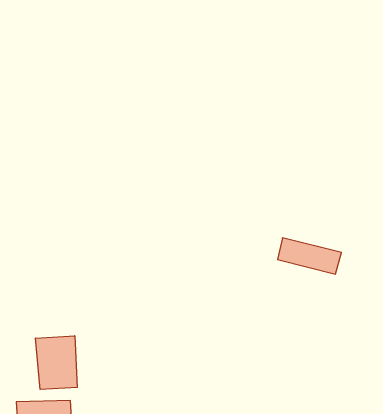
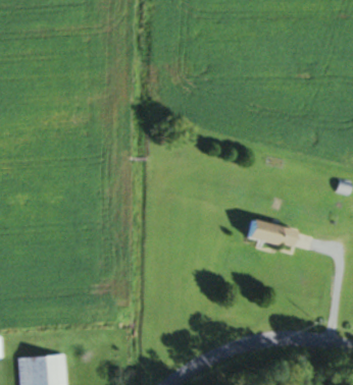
building: [36,336,77,389] -> none

